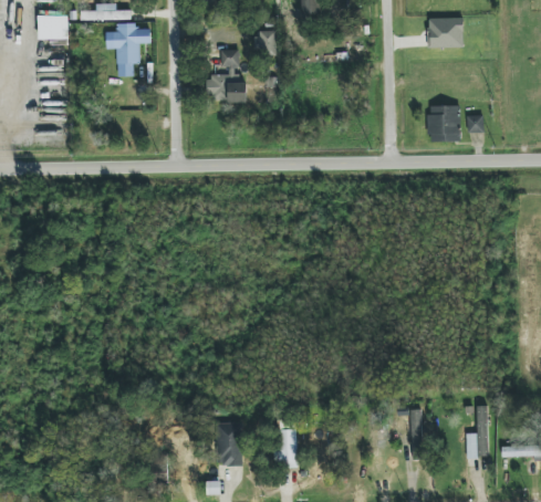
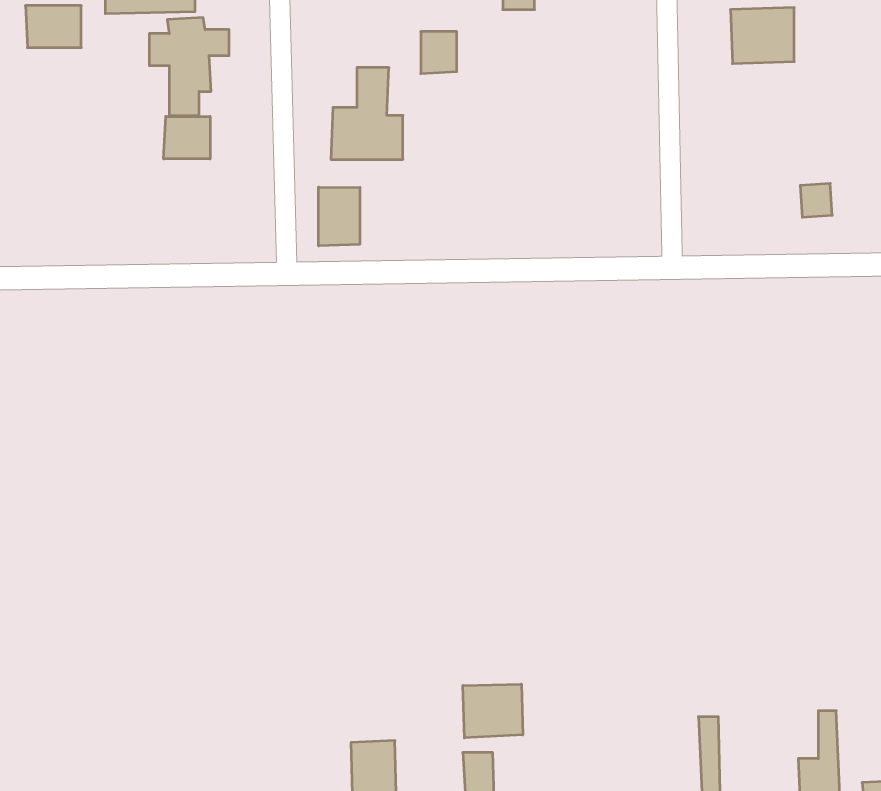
building: none -> [164,116,210,159]
building: [427,105,460,142] -> none
building: none -> [319,187,360,246]
building: none -> [463,684,523,738]

